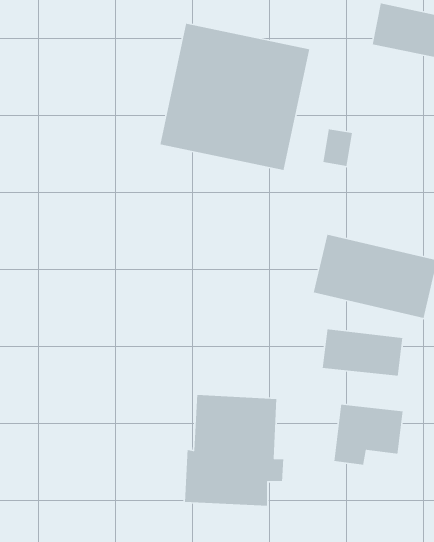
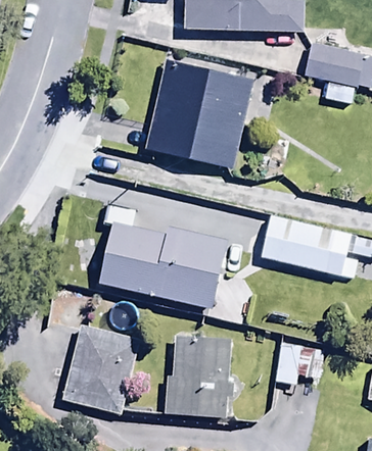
building: none -> [98,222,226,310]
building: [322,328,403,377] -> none
building: none -> [61,325,141,414]

